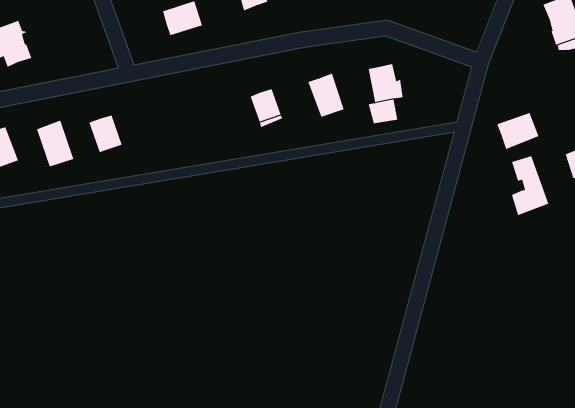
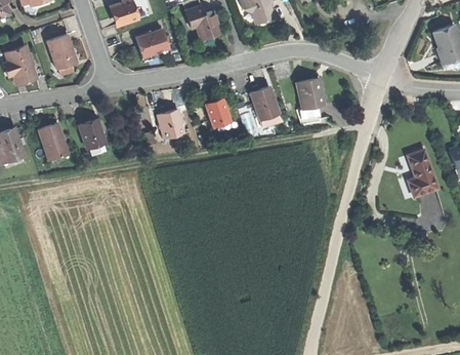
building: none -> [47,34,78,70]
building: none -> [157,110,184,139]
building: [497,112,539,150] -> none

